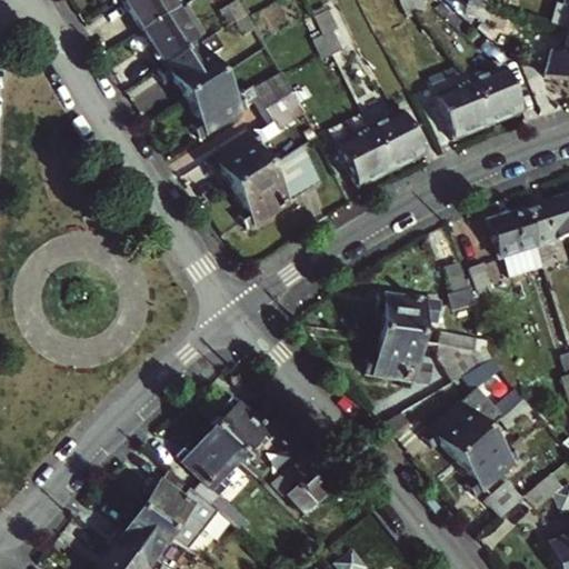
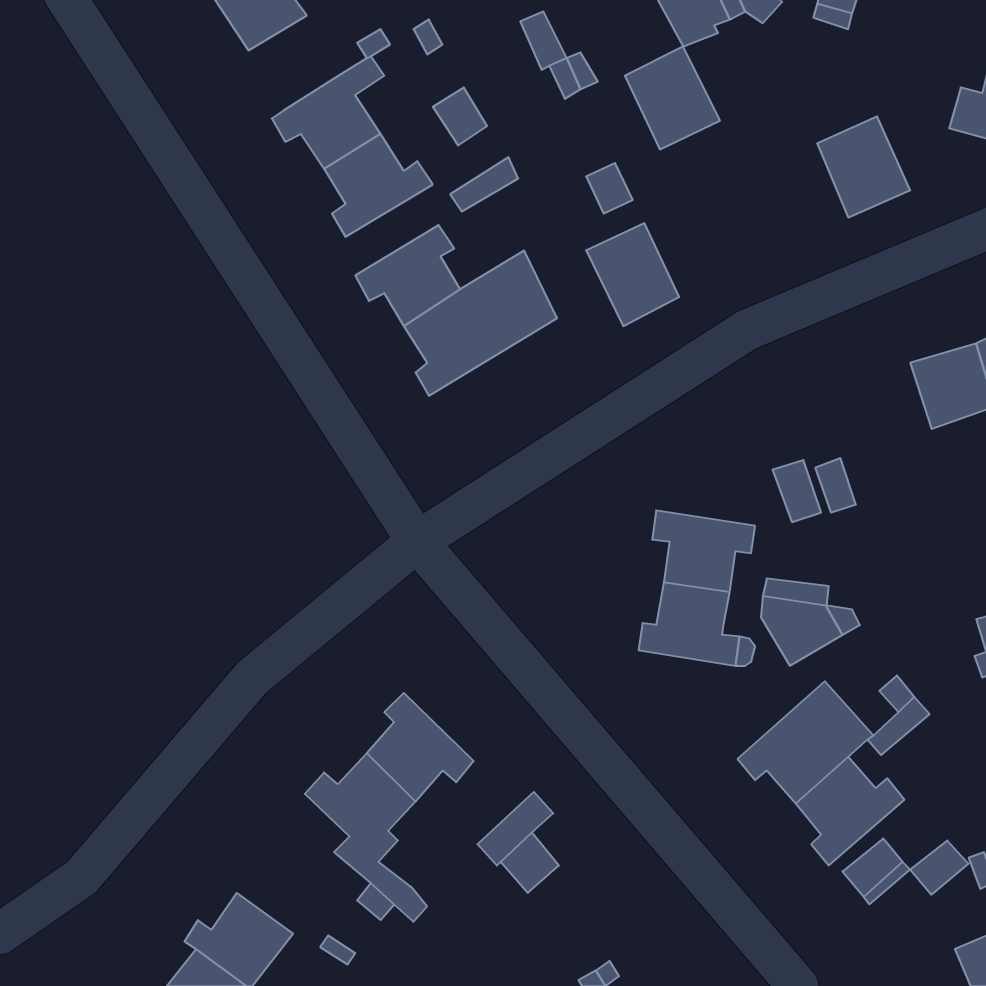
building: [146,9,199,63] -> none
building: [438,82,489,139] -> none
building: [372,111,427,170] -> [625,47,720,149]
building: [487,208,543,274] -> none
building: [139,475,201,535] -> none

